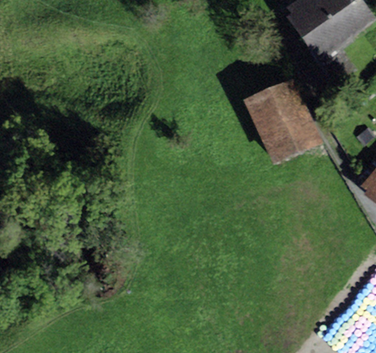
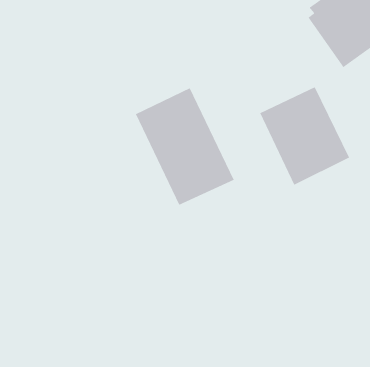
building: none -> [135,87,235,206]

